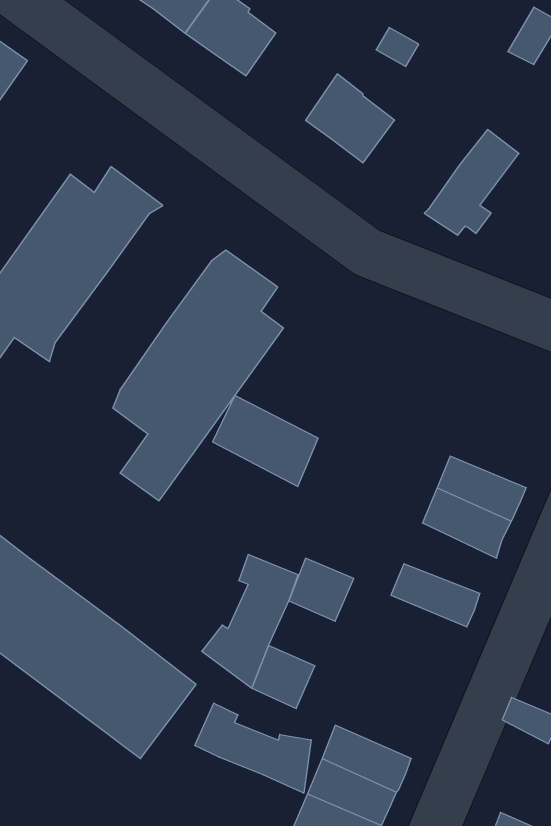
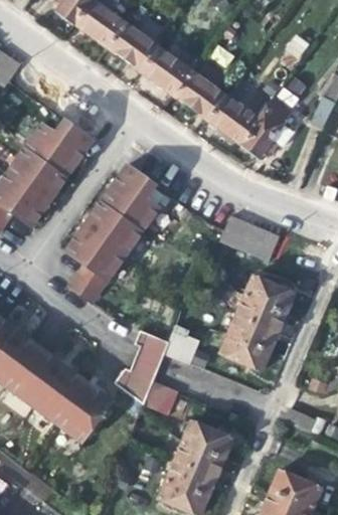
building: none -> [141,47,190,95]
building: none -> [204,95,257,143]
building: [213,396,318,486] -> [221,214,279,264]
building: none -> [226,313,277,351]
building: [195,703,311,793] -> none

